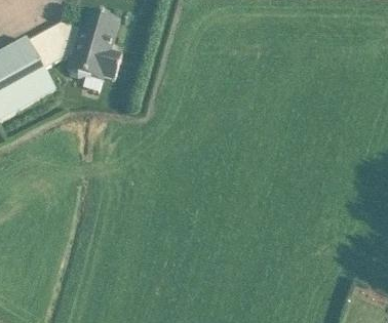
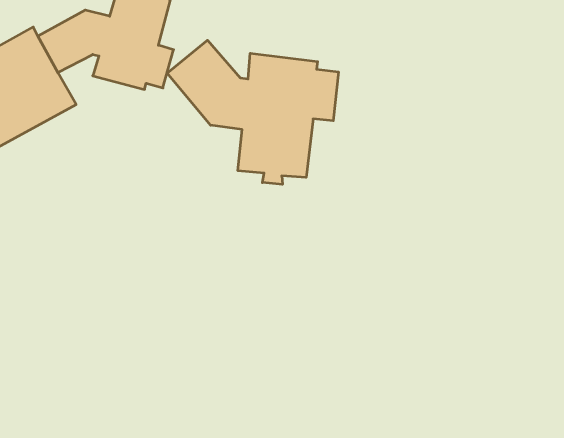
building: none -> [167,40,338,184]

